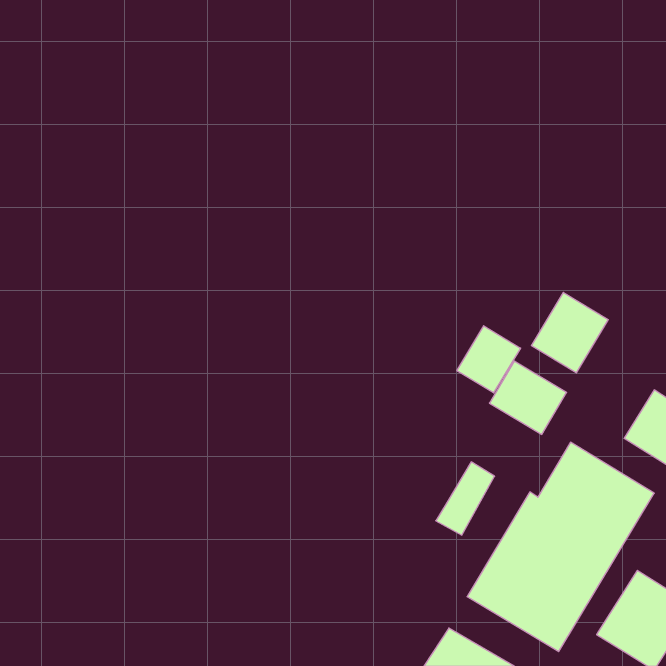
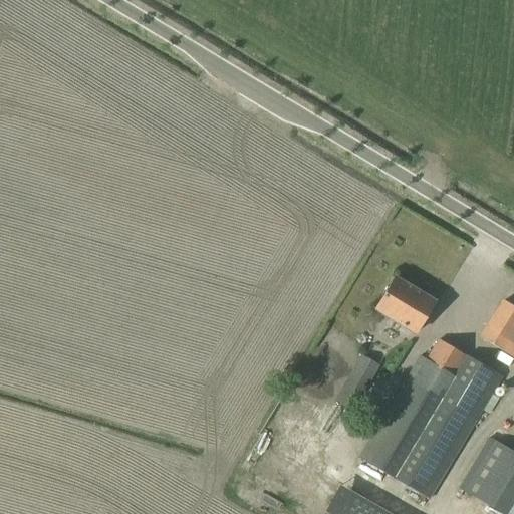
building: [531,292,608,373] -> none
building: [457,326,521,393] -> none

